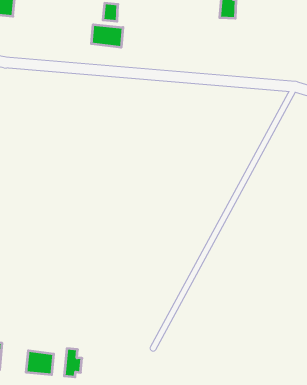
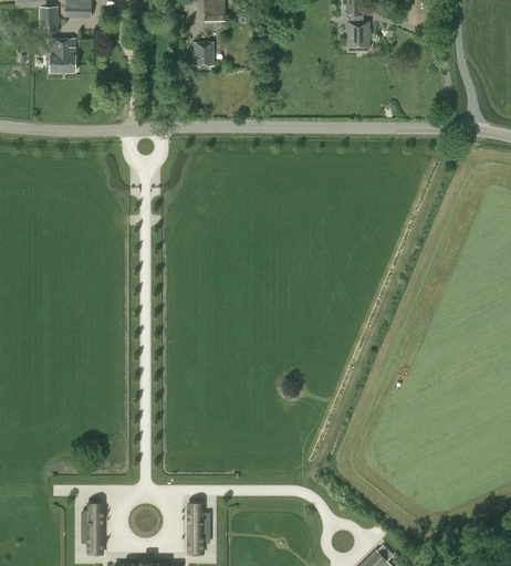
building: [91,25,123,47] -> none
building: [26,351,54,375] -> none

